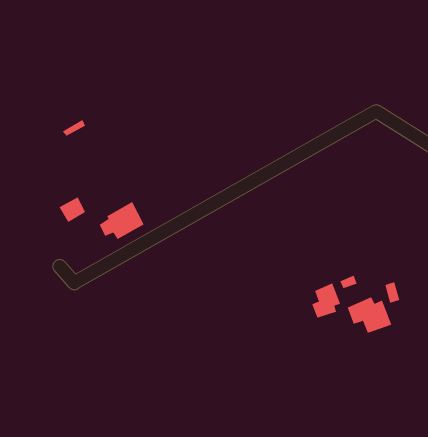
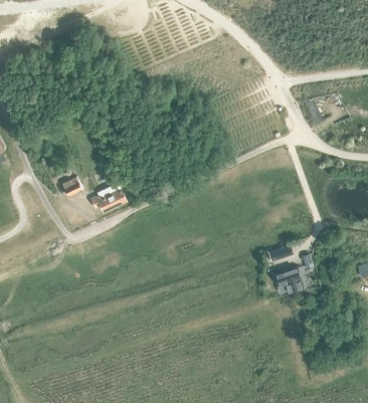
building: [311,283,341,319] -> none

